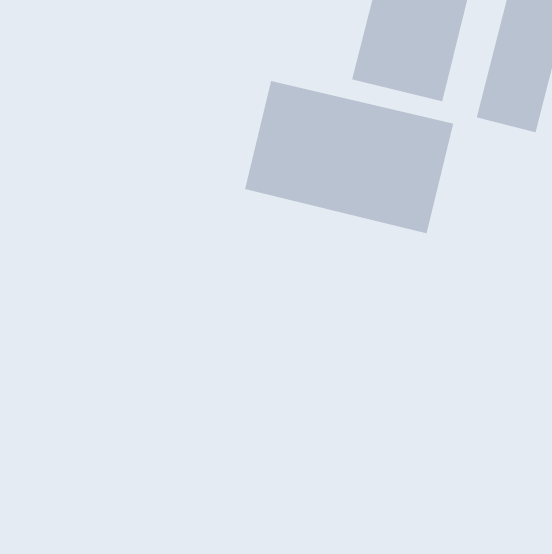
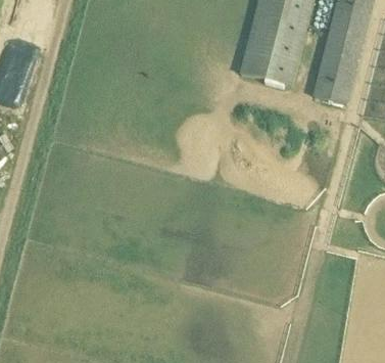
building: [244,80,454,234] -> none

